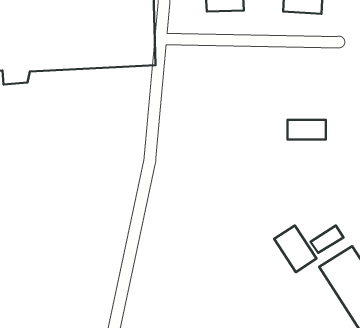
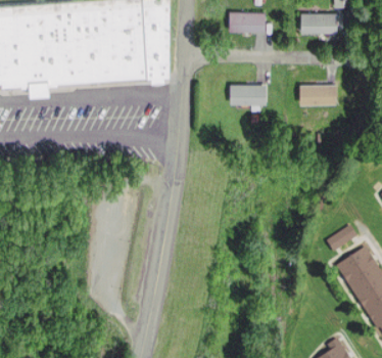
building: none -> [230,81,266,99]
building: [288,120,326,140] -> [301,84,337,102]
building: [274,226,317,272] -> none

